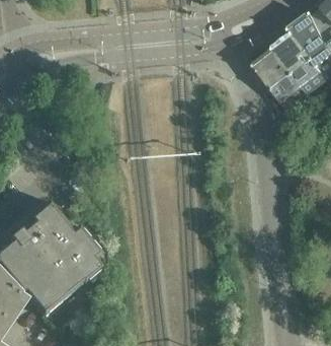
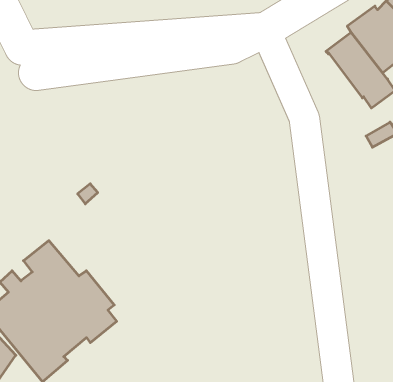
building: [252,50,300,102] -> none

